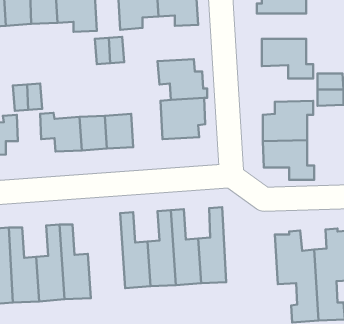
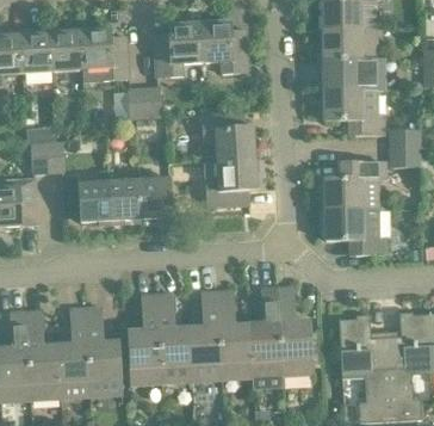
building: none -> [317,58,384,88]
building: none -> [277,285,312,375]
building: none -> [126,294,162,383]

